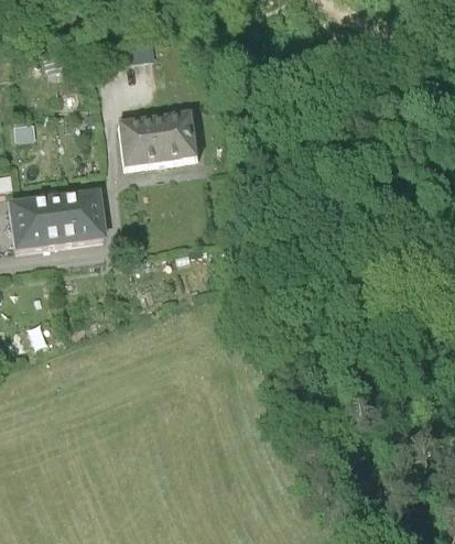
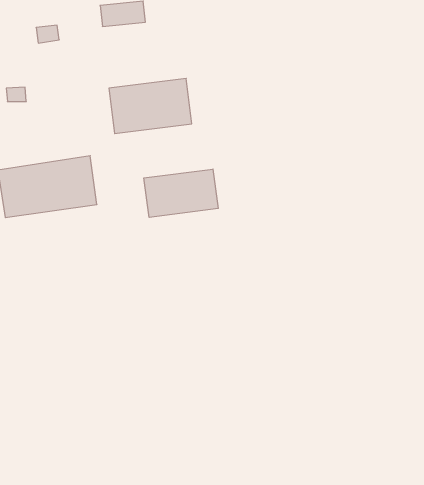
building: none -> [144,169,218,217]

